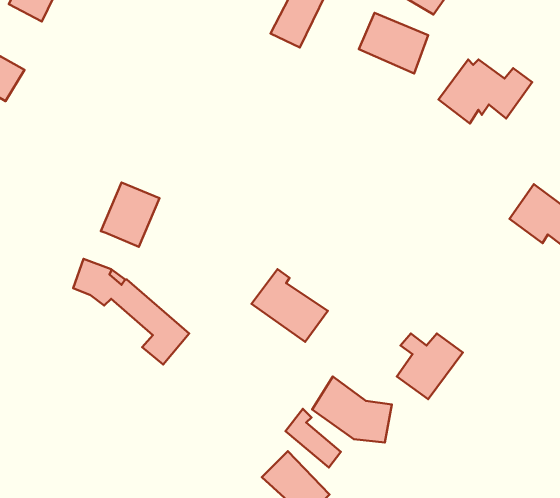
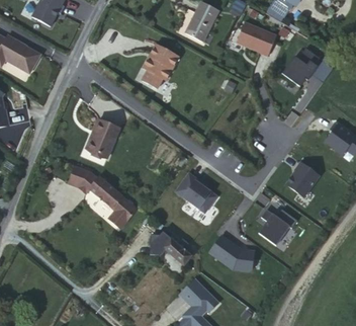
building: none -> [139,44,176,88]
building: none -> [286,162,319,197]
building: [285,409,341,468] -> [158,231,190,265]

